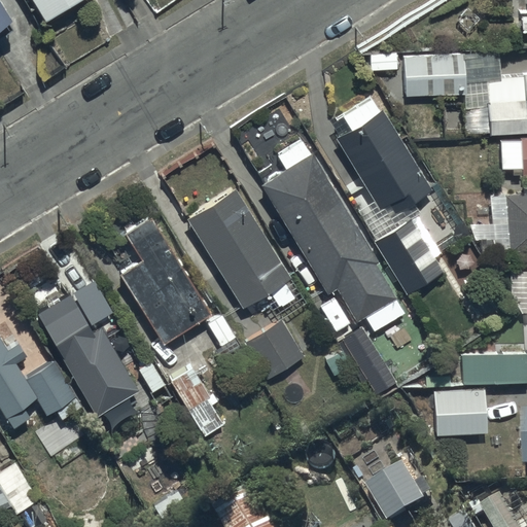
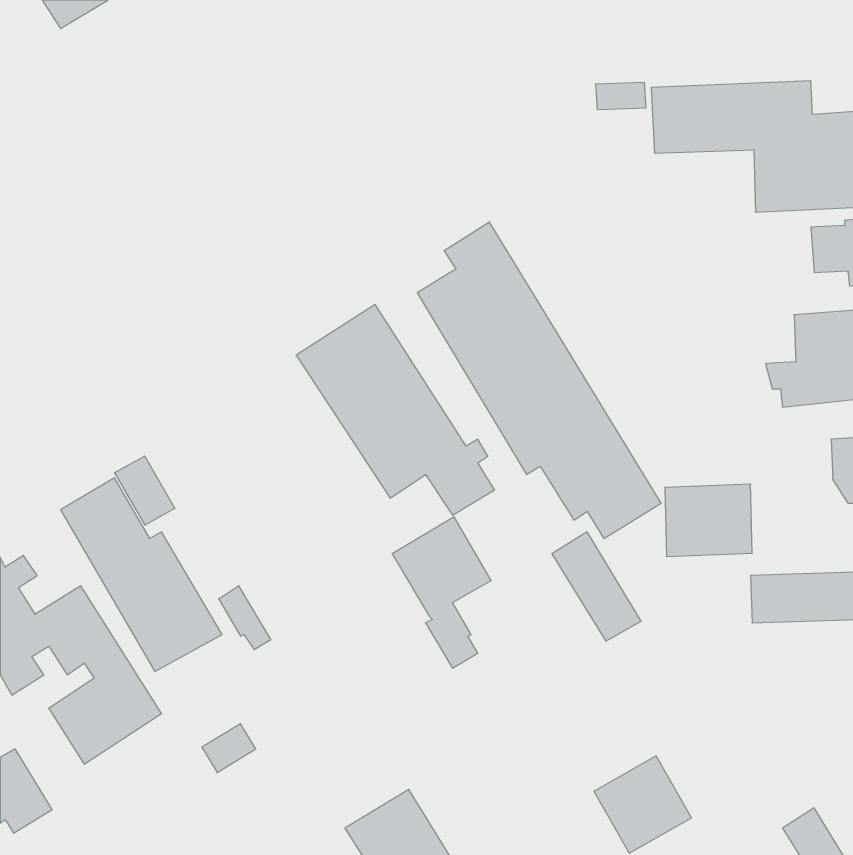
building: [332,99,446,295] -> none
building: [97,215,211,343] -> none
building: [169,365,224,437] -> none
building: [434,390,488,434] -> [665,484,752,556]

